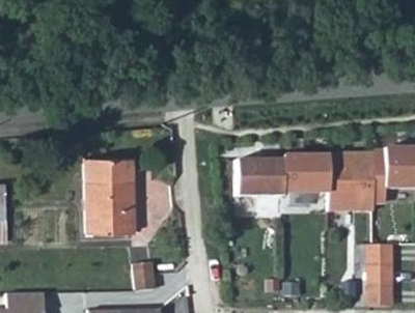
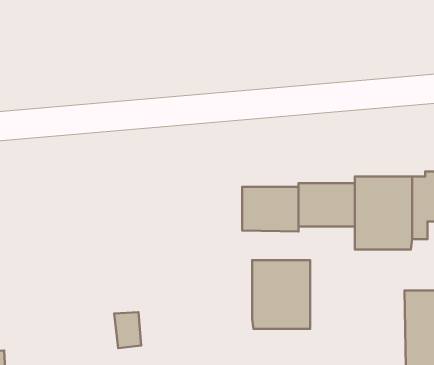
building: [86,158,134,230] -> none
building: none -> [252,260,310,329]

